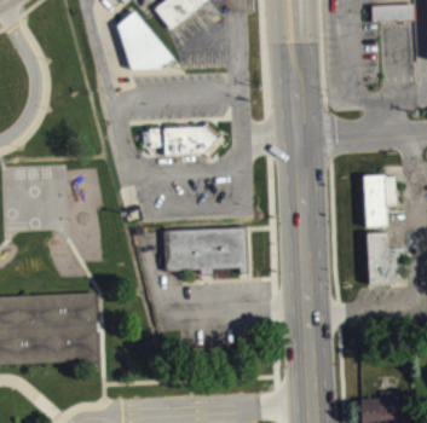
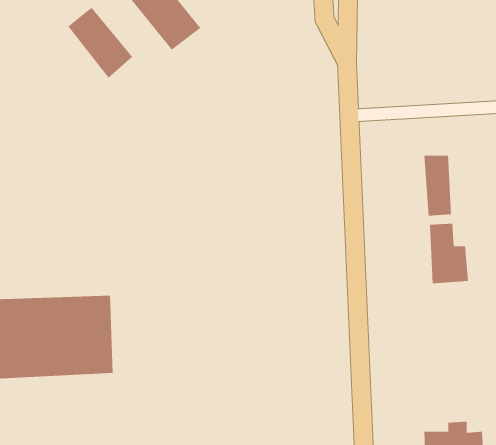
building: none -> [68,7,133,78]
building: [165,120,221,153] -> none
building: [165,224,248,272] -> none

